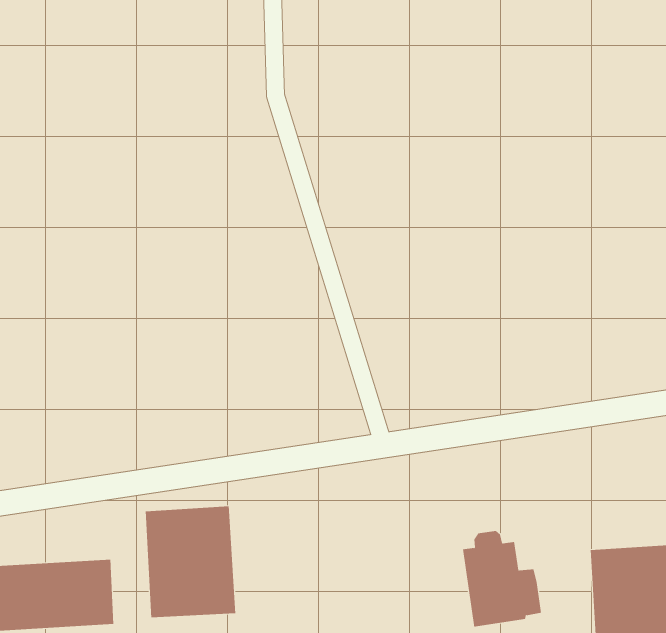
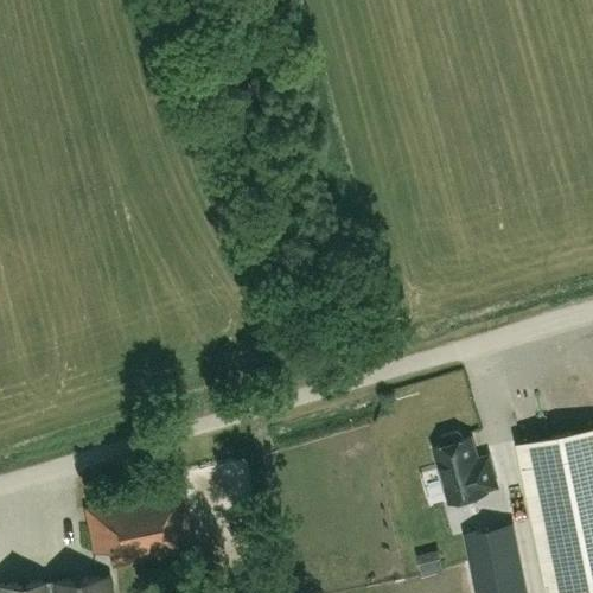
building: [145,505,236,618] -> none

